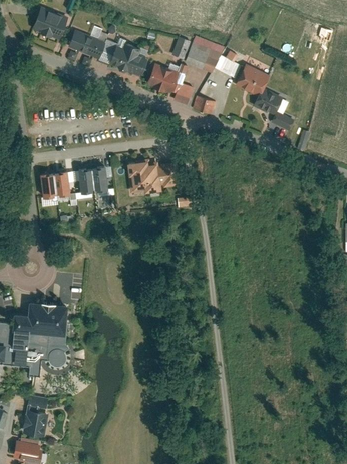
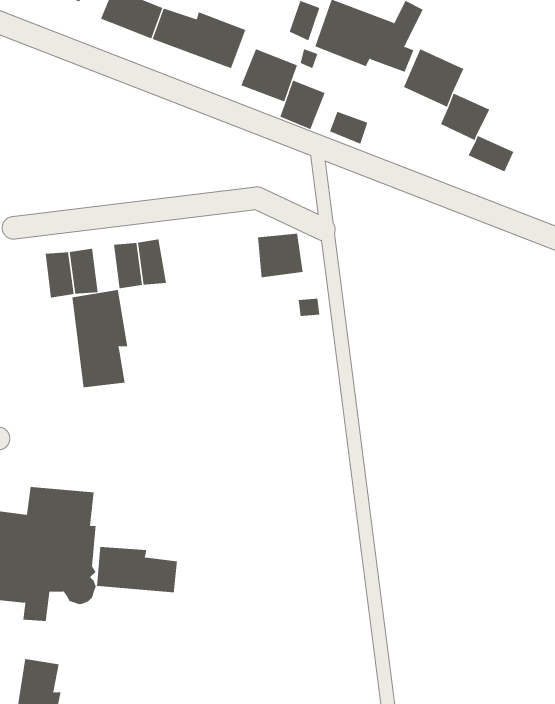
building: [126,162,158,194] -> none
building: none -> [72,289,128,388]
building: none -> [97,546,178,593]

